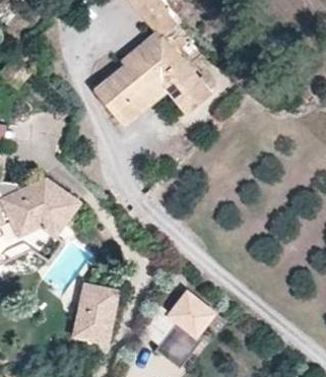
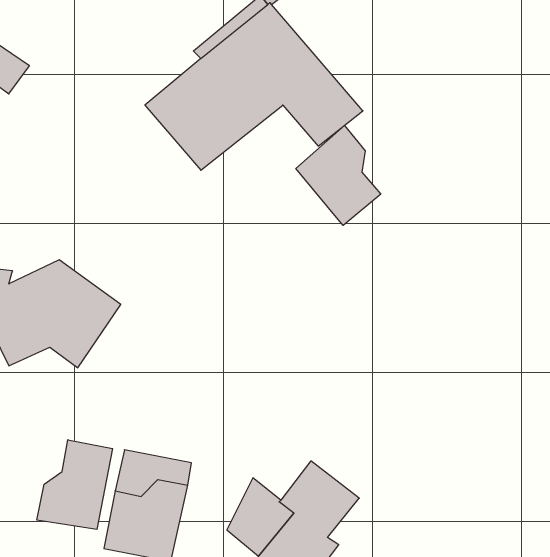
building: none -> [296,125,381,225]
building: none -> [37,440,113,529]

